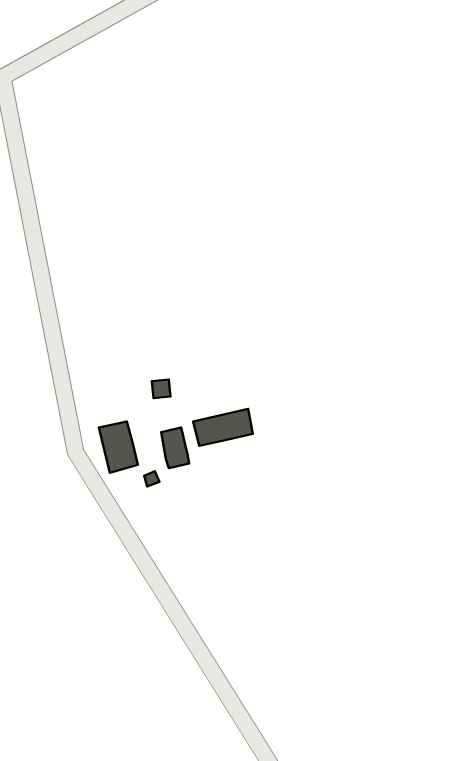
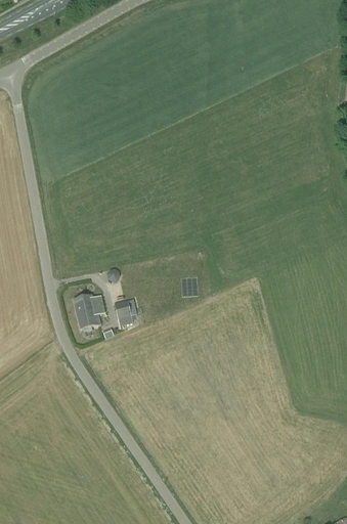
building: [193,409,253,446] -> none

